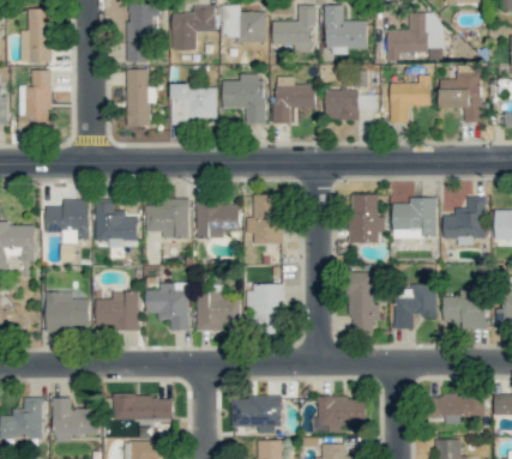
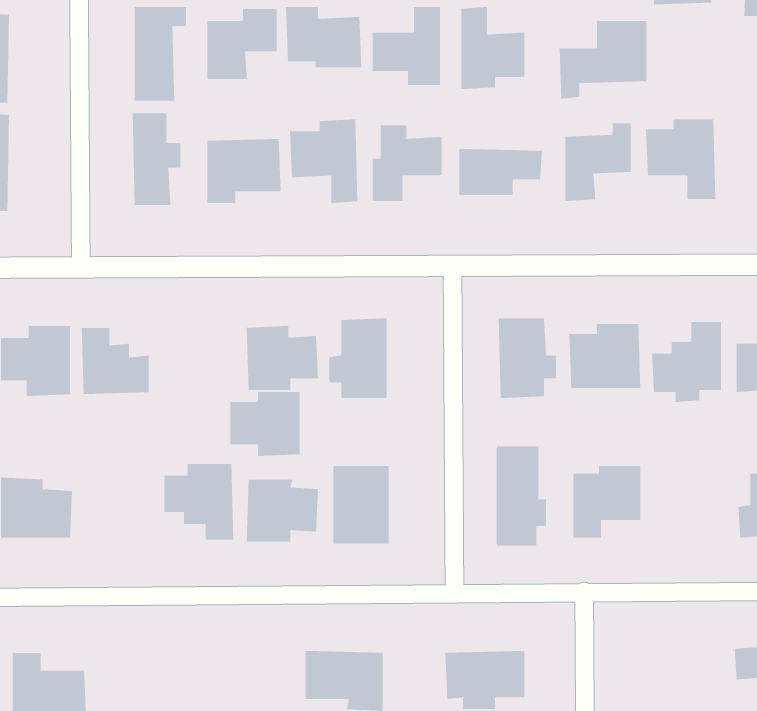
building: [145,199,188,238] -> [230,392,300,457]
building: [442,289,486,330] -> none
building: [95,291,139,330] -> none
building: [432,393,484,421] -> none
building: [113,395,174,419] -> none

